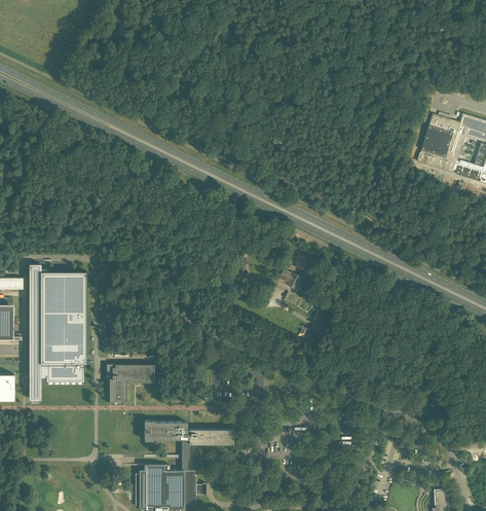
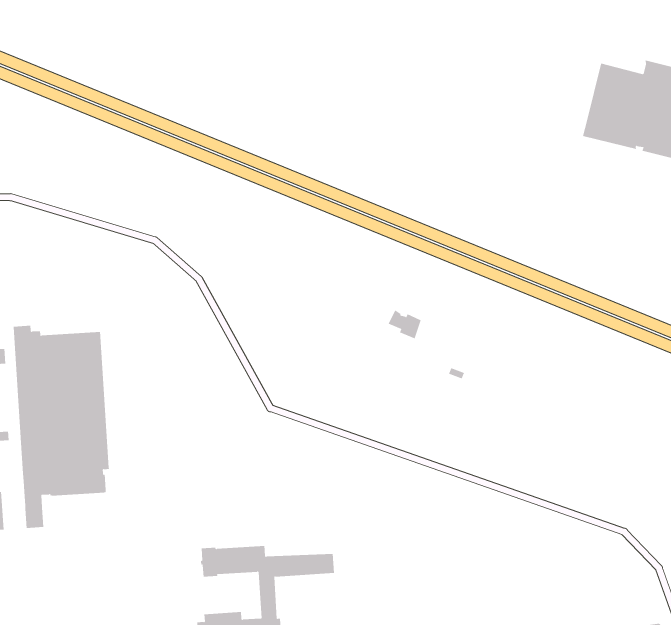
building: [107,365,154,403] -> none

